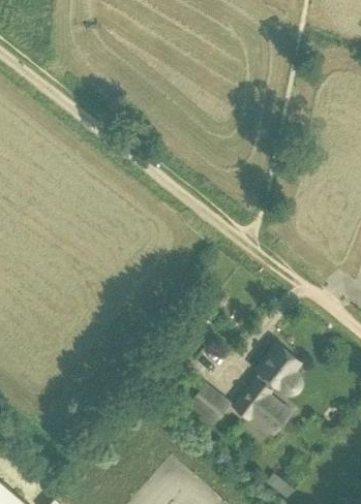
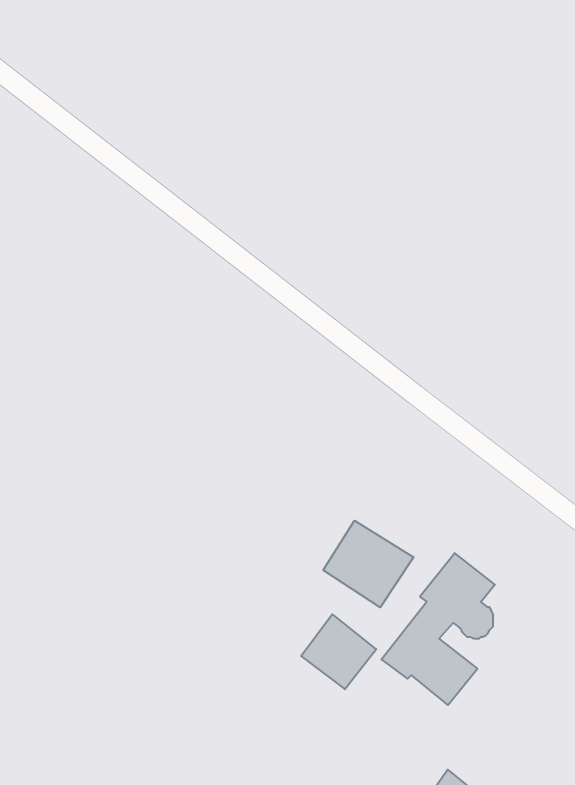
building: none -> [323,521,414,607]

